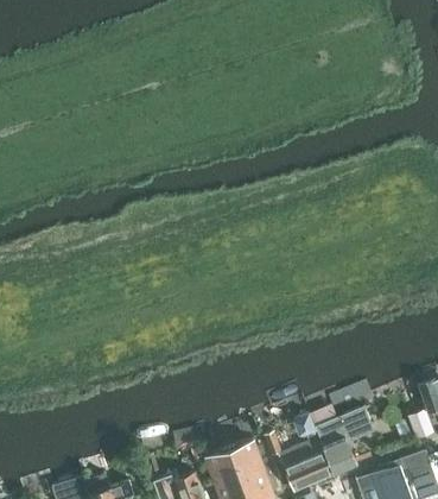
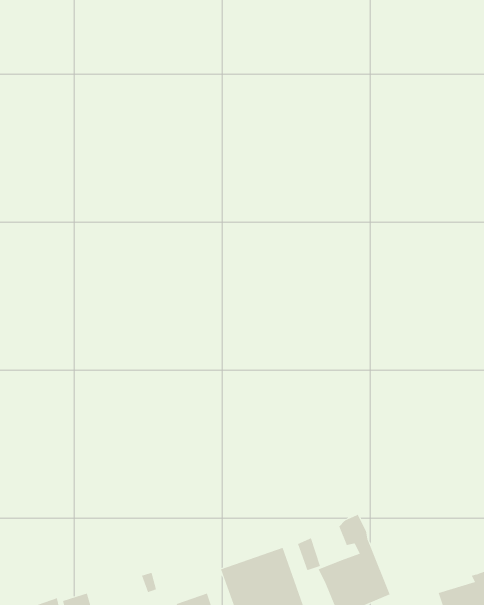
building: [316,408,372,475] -> none

